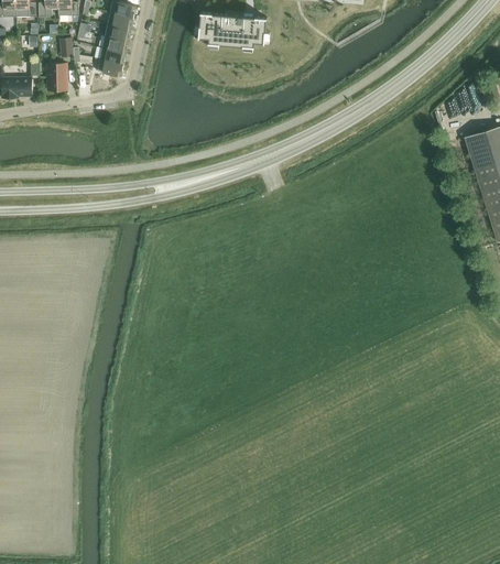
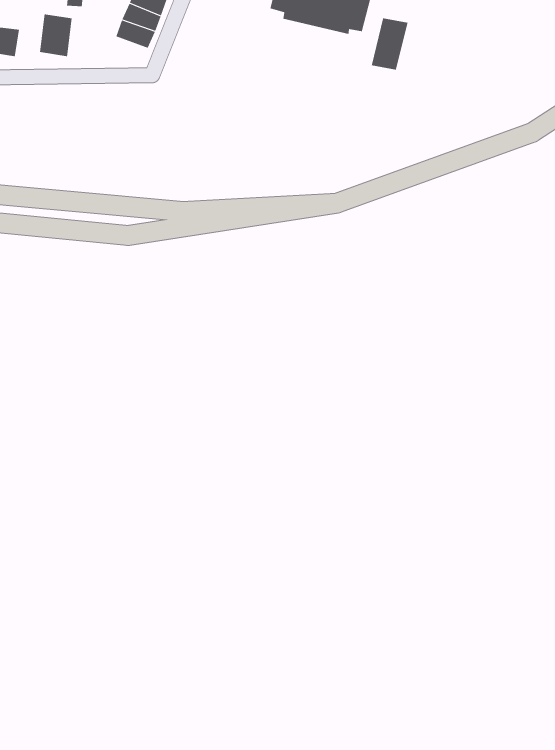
building: none -> [371,18,408,70]

